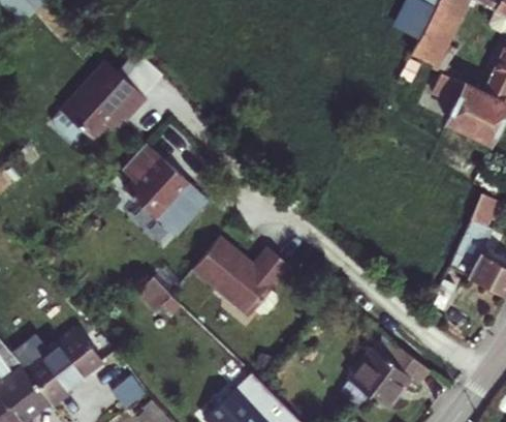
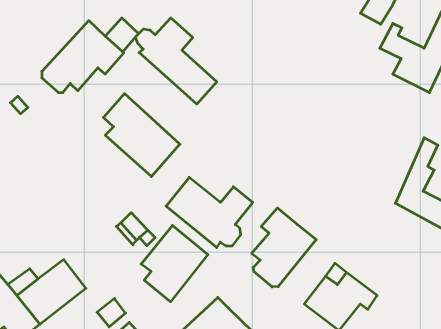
building: none -> [136,18,217,104]
building: none -> [252,208,316,287]
building: none -> [141,225,208,302]

